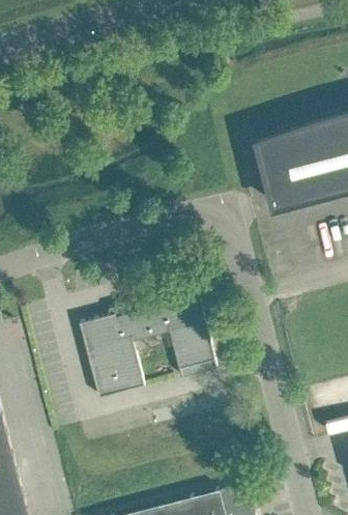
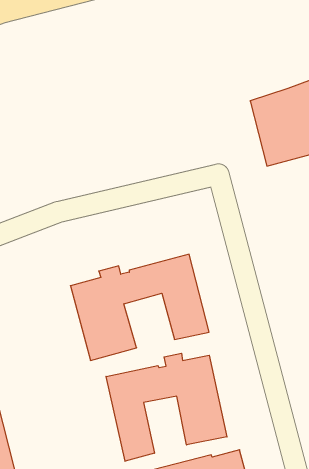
building: none -> [106,353,227,461]

